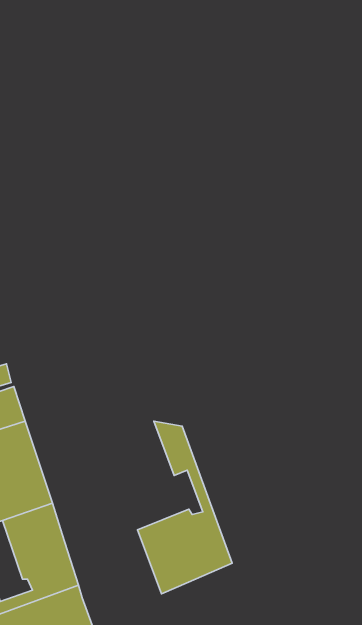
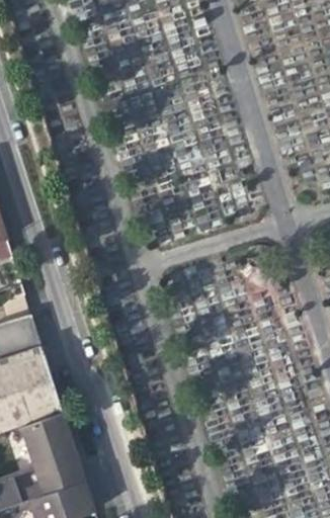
building: [138,421,232,594] -> none

